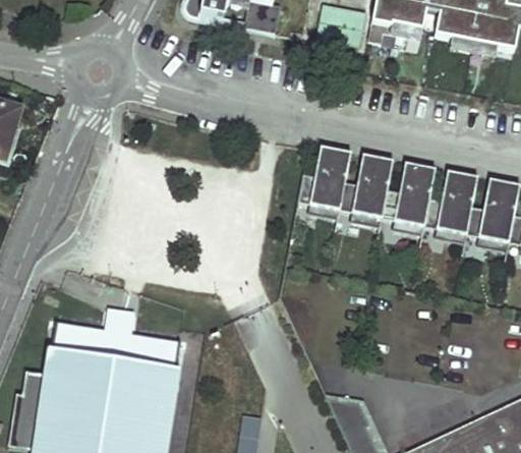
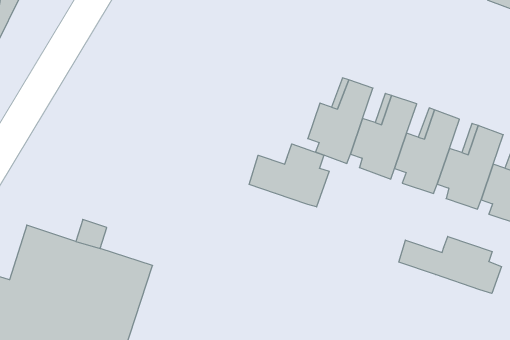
building: none -> [249,144,329,207]
building: none -> [399,236,501,293]

